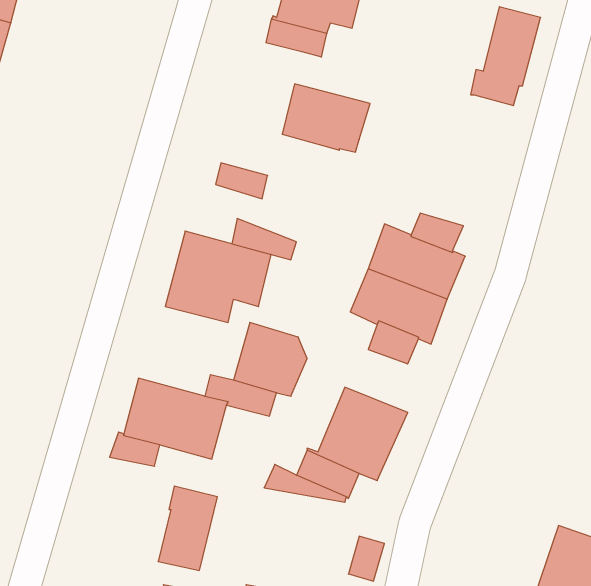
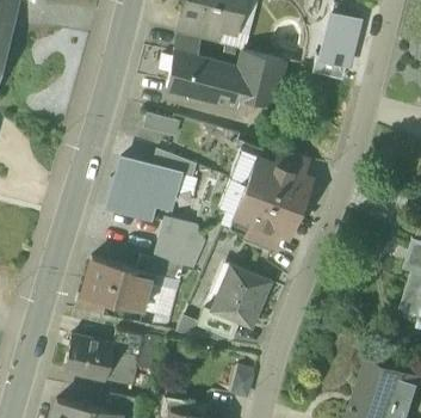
building: none -> [167,35,202,96]
building: none -> [239,51,285,107]
building: none -> [64,336,114,380]

